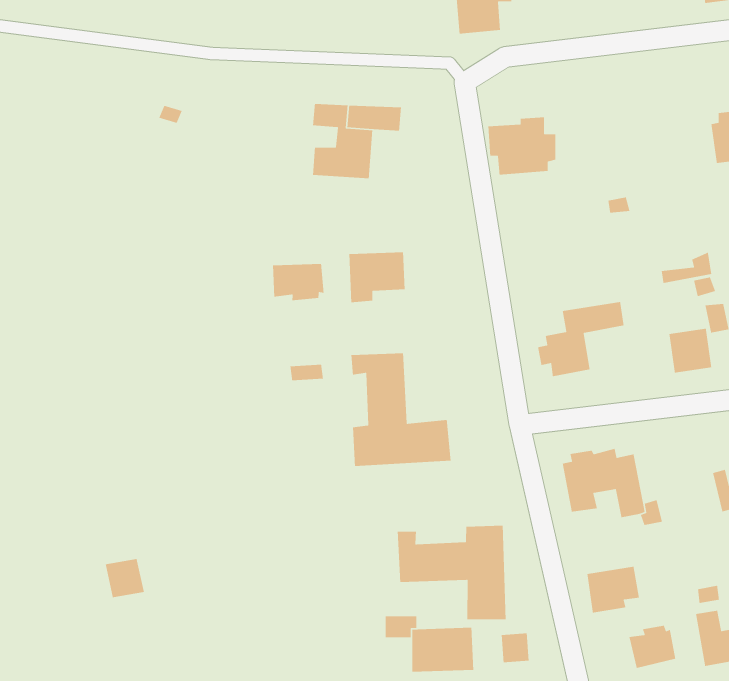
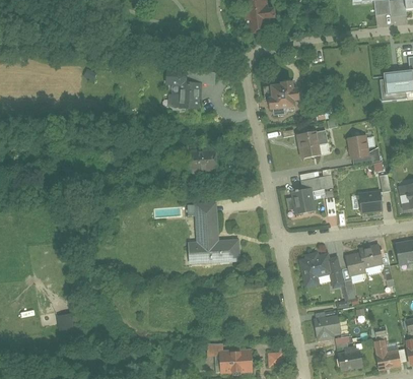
building: none -> [296,130,327,159]
building: none -> [347,134,370,159]
building: [272,263,325,301] -> none
building: none -> [344,243,381,275]
building: [397,525,507,620] -> none

